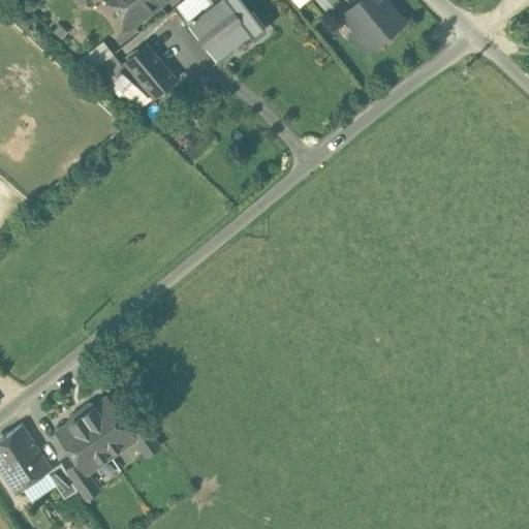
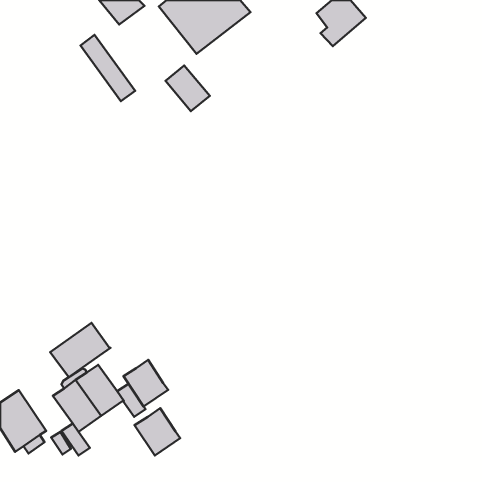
building: [126,46,175,96] -> [165,66,210,111]
building: none -> [50,323,110,377]
building: none -> [124,360,168,406]
building: none -> [135,408,180,455]

